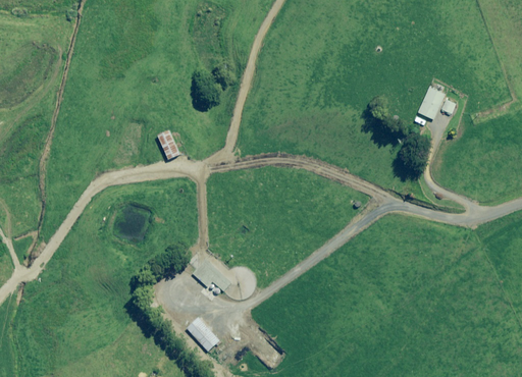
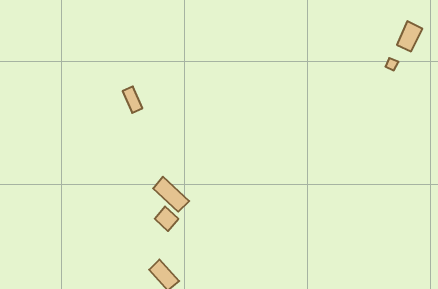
building: [418,87,446,119] -> [397,21,422,51]
building: none -> [153,177,189,212]

